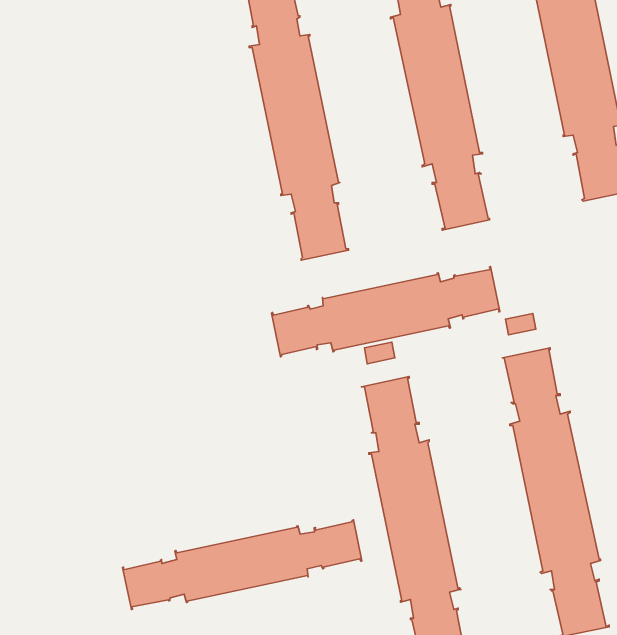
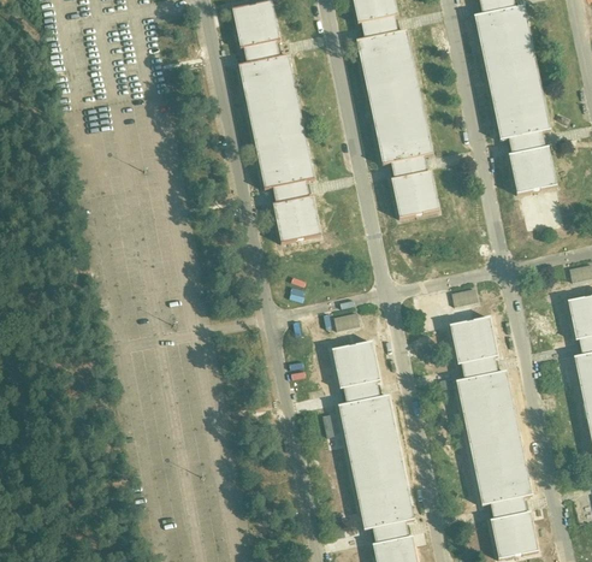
building: [271,267,500,357] -> none
building: [122,520,362,610] -> none

